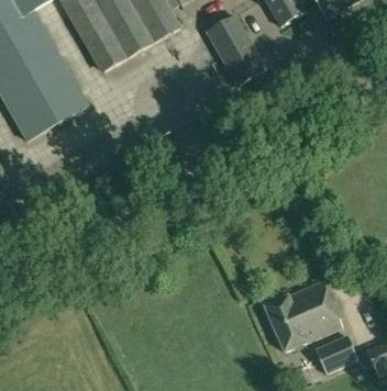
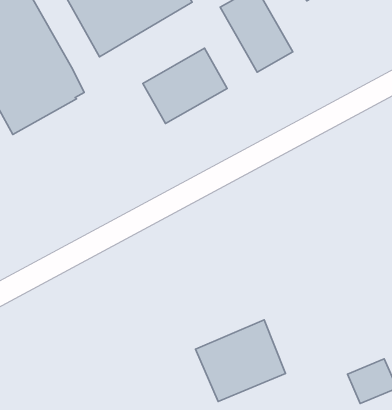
building: none -> [143,48,227,124]
building: [264,280,342,350] -> [195,320,286,401]

